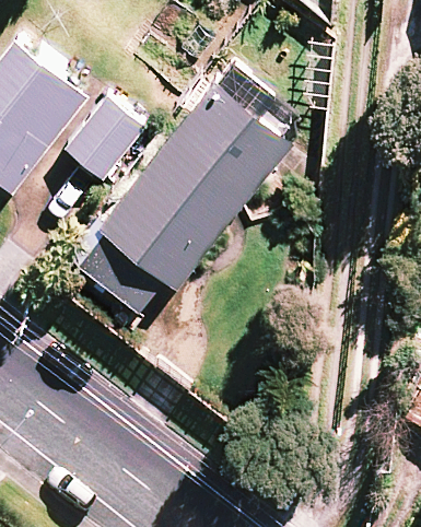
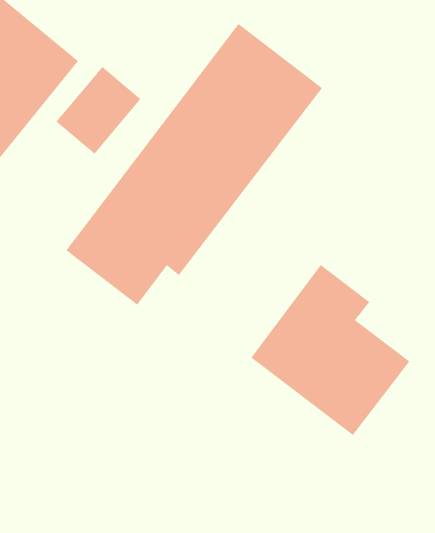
building: none -> [250,264,410,436]

